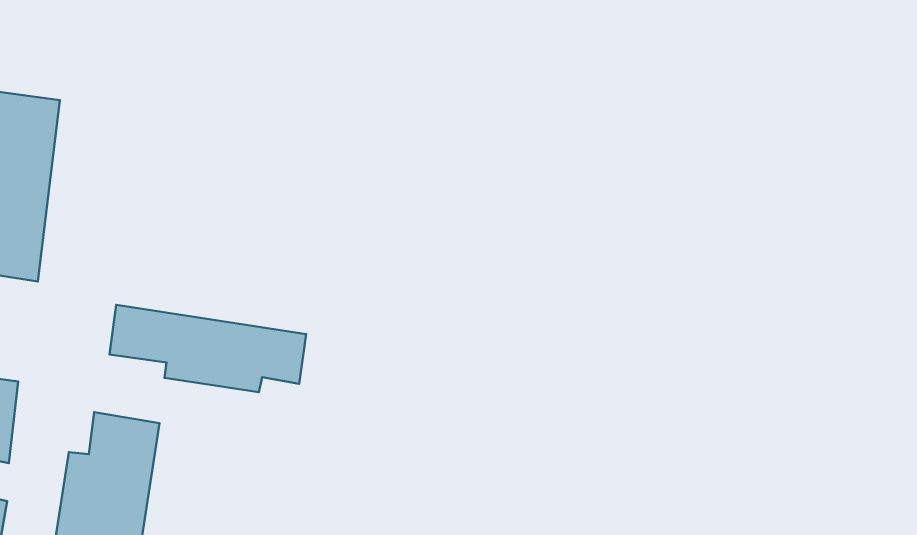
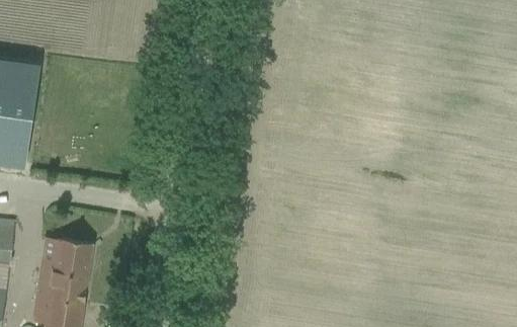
building: [109,305,306,392] -> none

